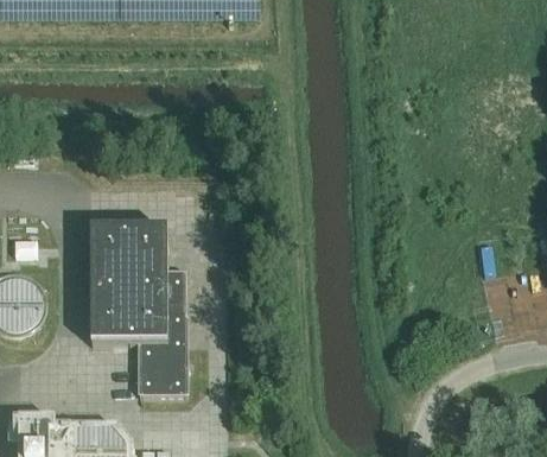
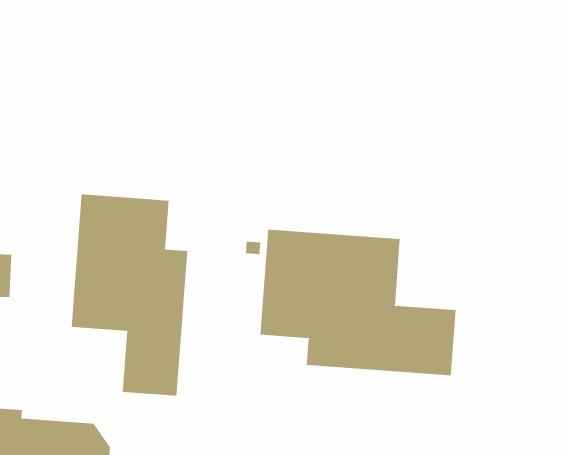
building: none -> [260,229,456,376]

